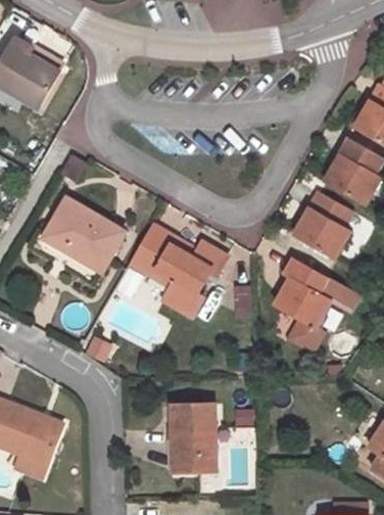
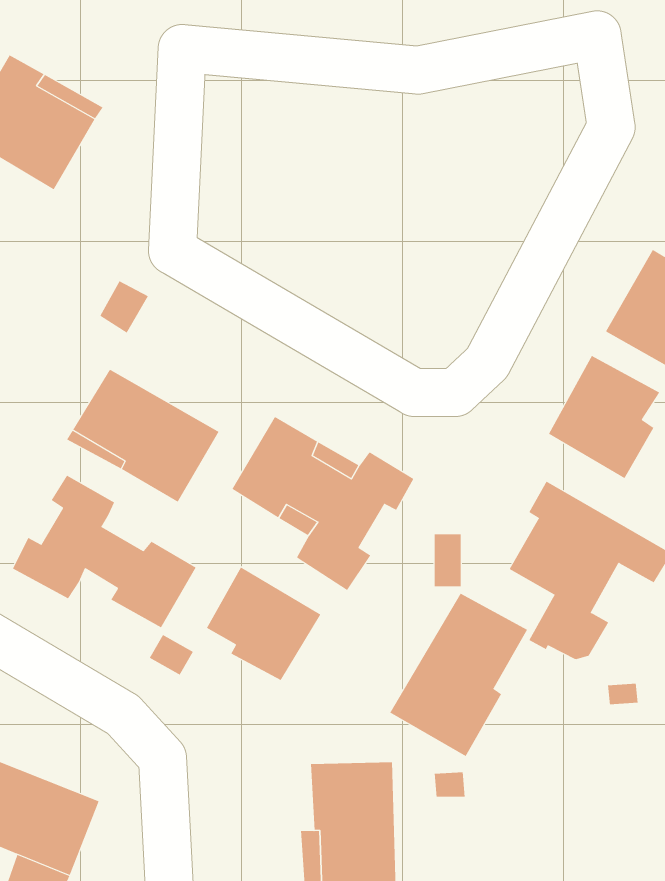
building: none -> [12,475,197,628]
building: none -> [206,567,321,681]
building: none -> [390,593,528,757]

